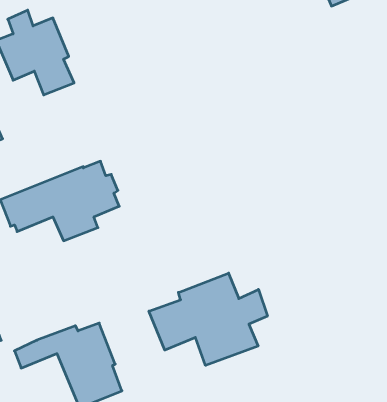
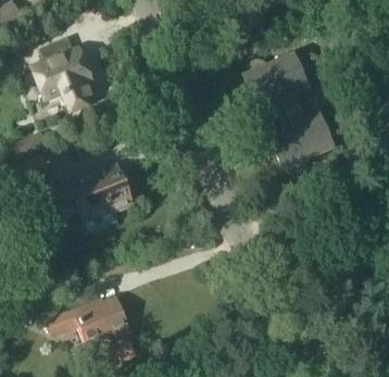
building: none -> [241,51,335,173]
building: [149,273,267,365] -> none

